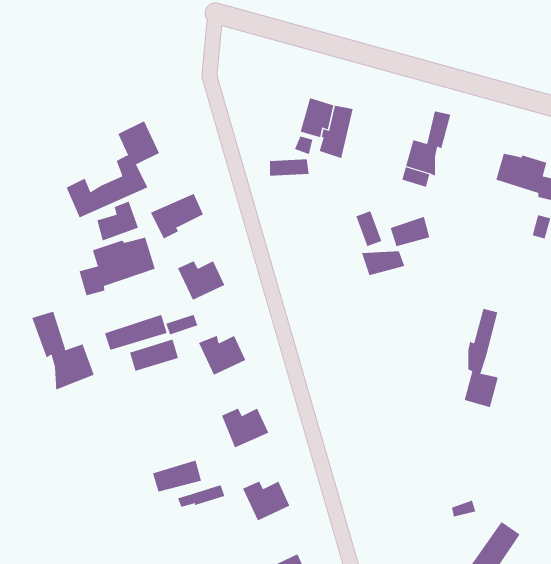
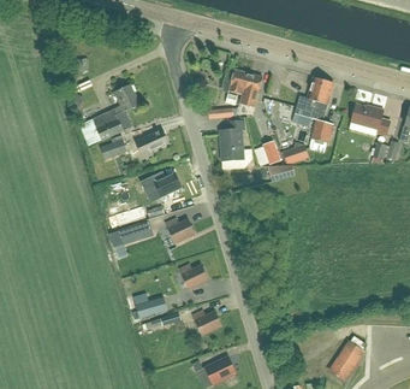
building: none -> [219,120,244,161]
building: [79,237,155,296] -> none
building: [464,308,498,408] -> [311,81,333,143]
building: [32,311,95,391] -> none

